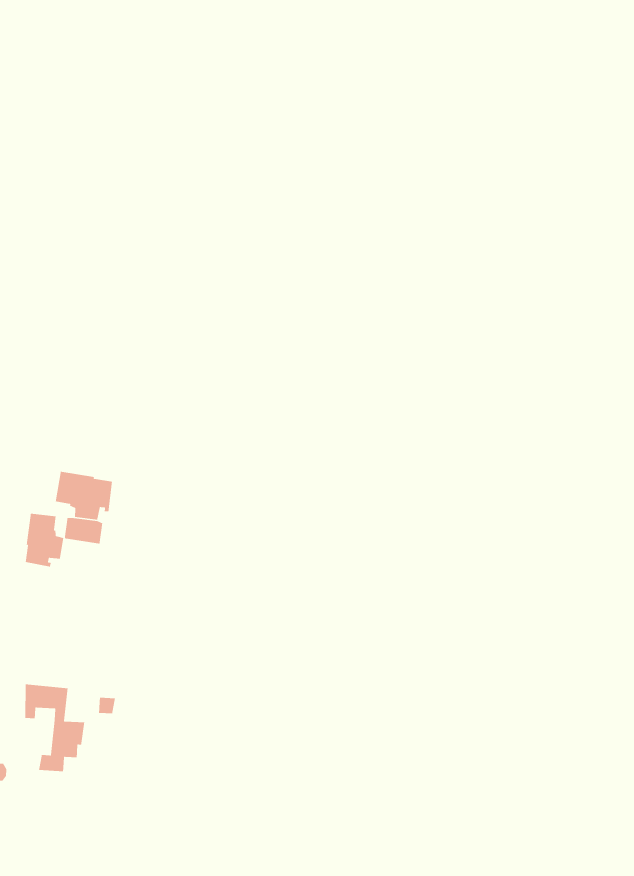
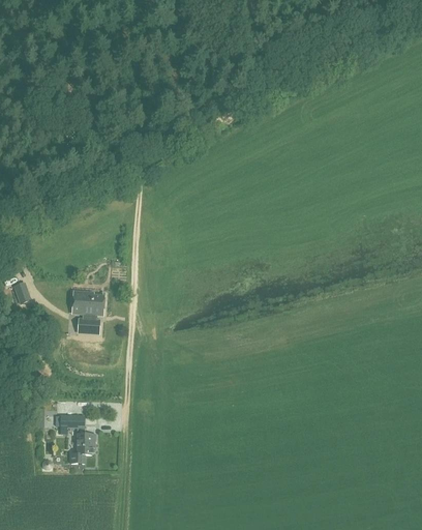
building: [25,513,64,568] -> none

